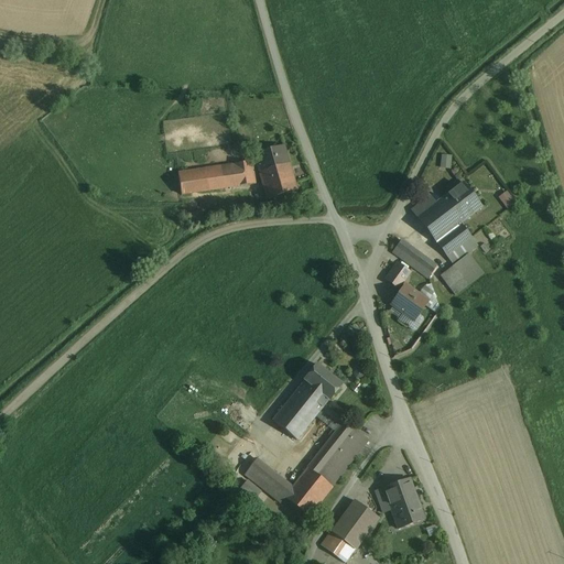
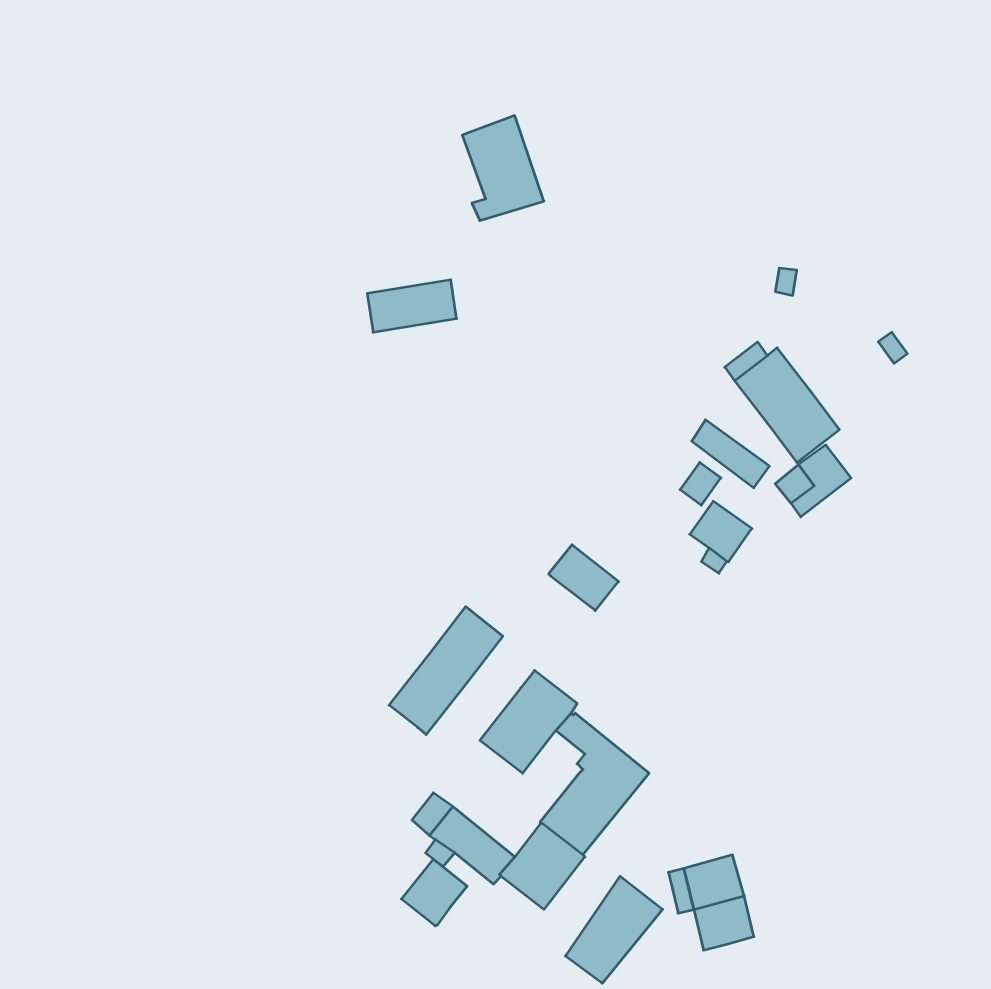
building: [257,141,303,200] -> [462,116,544,221]
building: [177,166,212,193] -> none
building: [441,181,481,221] -> none
building: none -> [389,607,503,735]
building: [302,362,341,400] -> [549,545,619,611]
building: none -> [401,859,467,926]

